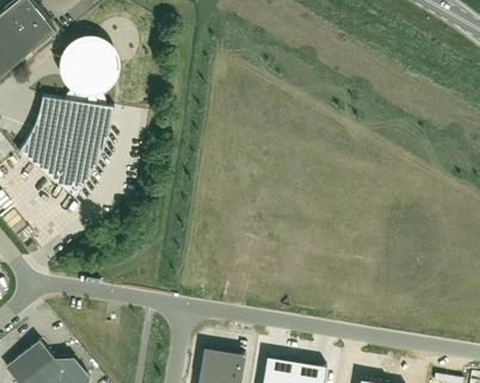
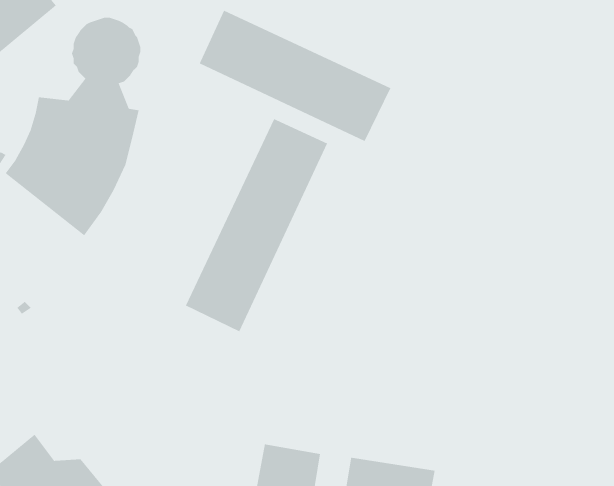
building: none -> [198,10,391,142]
building: none -> [185,117,328,332]

